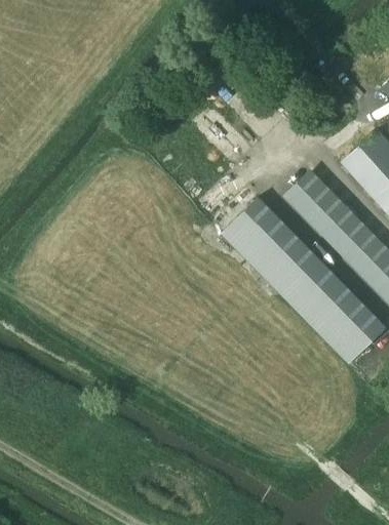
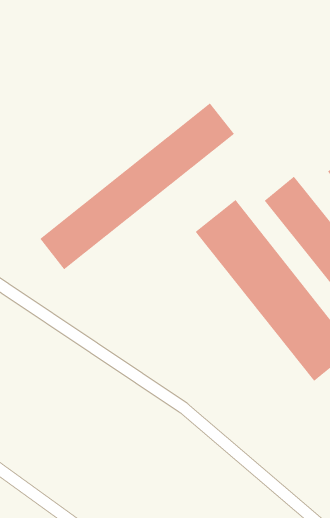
building: none -> [40,102,235,270]

